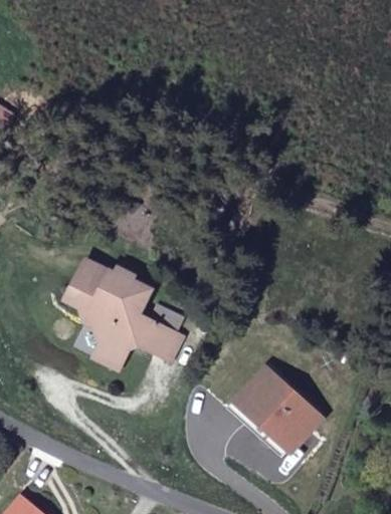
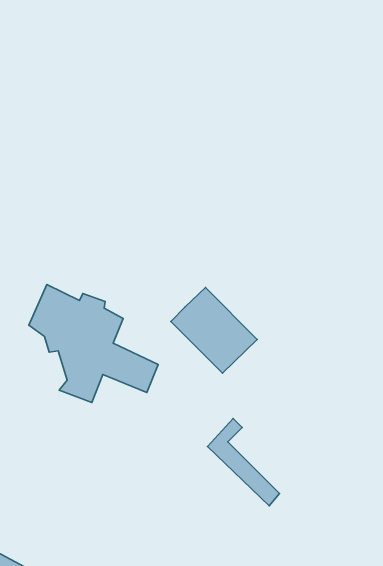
building: [244,371,322,448] -> [171,288,257,373]

